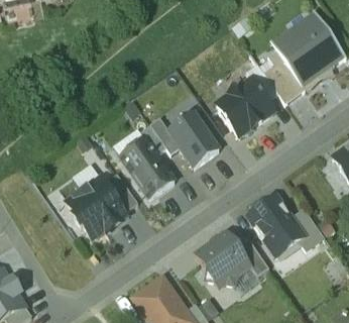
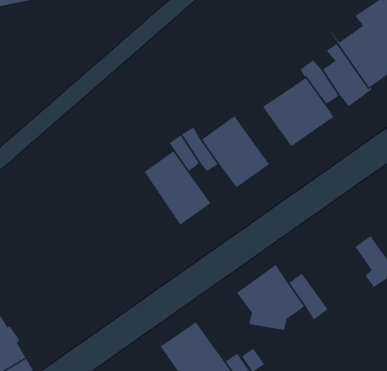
building: [63,180,125,239] -> none
building: [247,195,303,254] -> none

